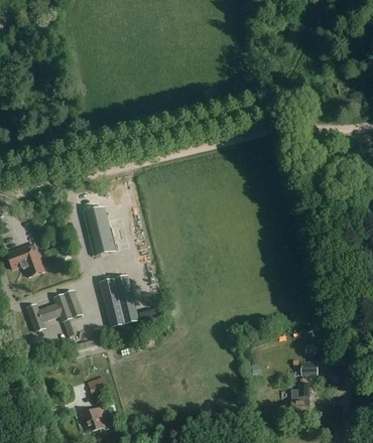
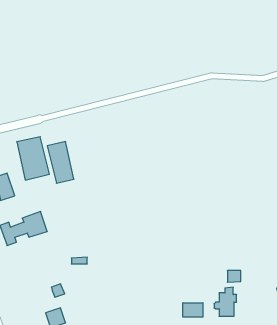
building: [100,274,139,326] -> [17,137,49,180]
building: none -> [183,303,203,317]

